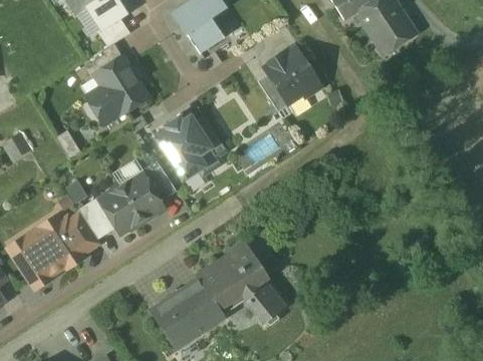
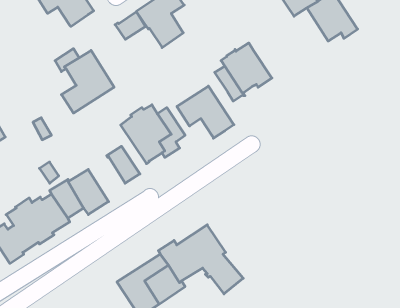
building: [96,17,130,47] -> [115,12,146,39]
building: none -> [177,86,234,138]
building: [119,171,164,221] -> none

